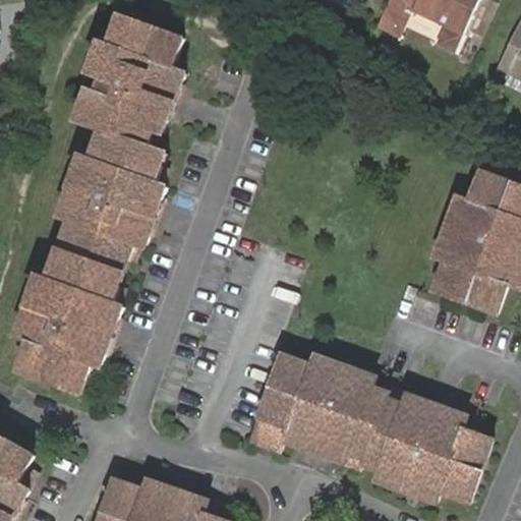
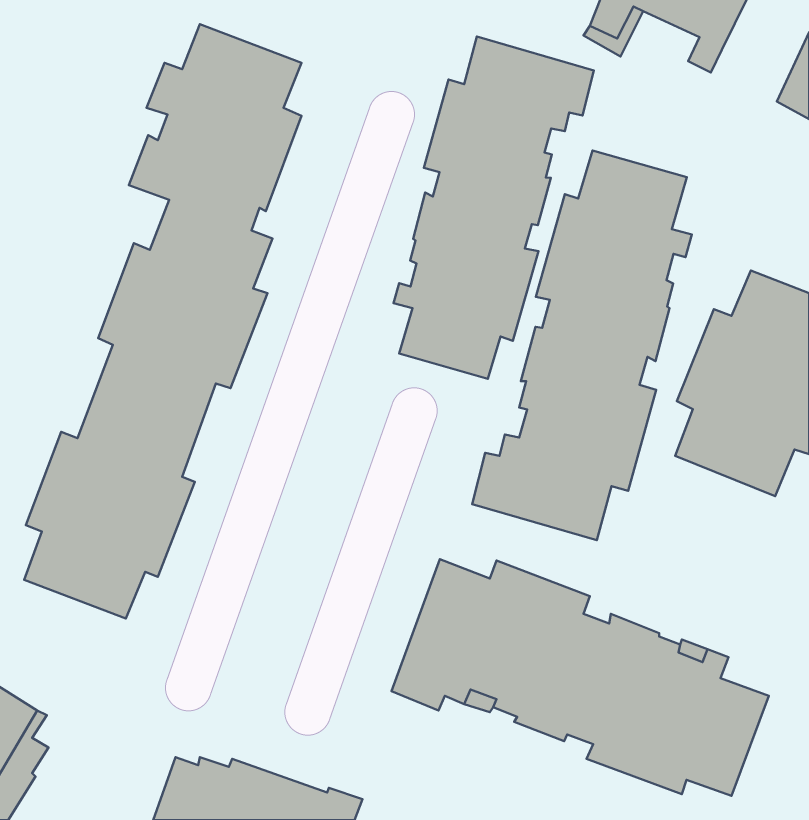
building: none -> [394,37,594,379]
building: none -> [472,150,692,540]

